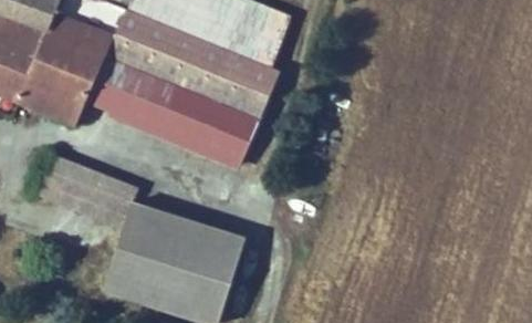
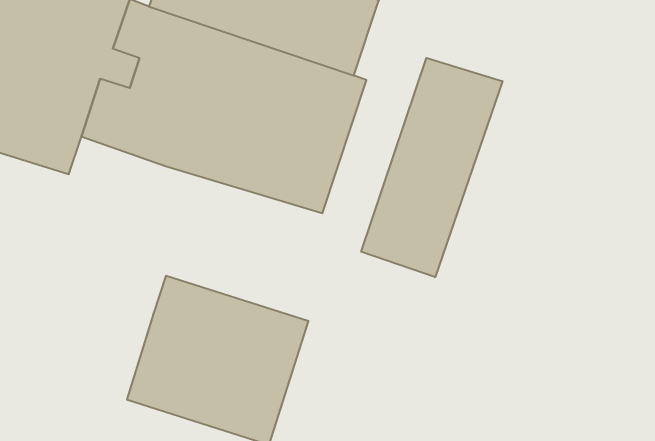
building: none -> [361,58,502,277]
building: [40,162,142,229] -> none

